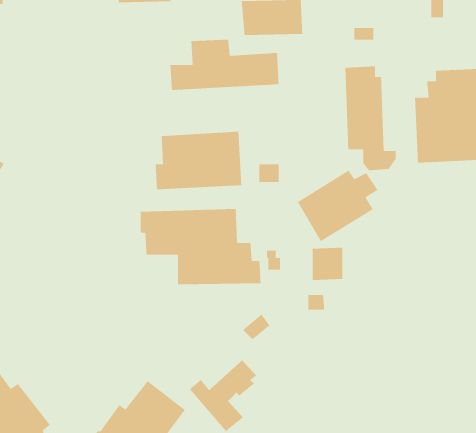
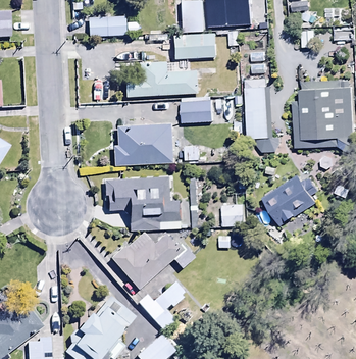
building: none -> [182,96,212,123]
building: [297,169,378,242] -> [263,175,319,225]
building: none -> [111,230,184,289]

